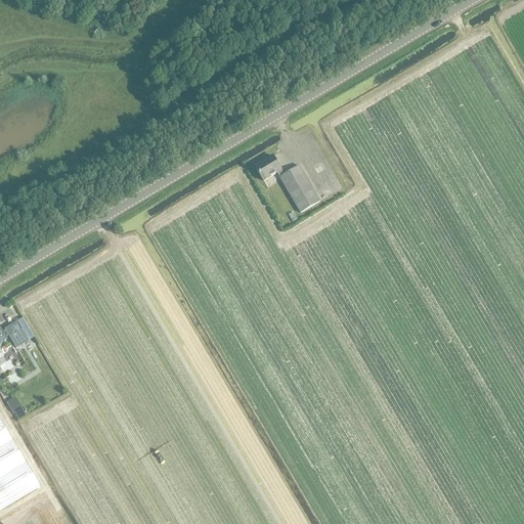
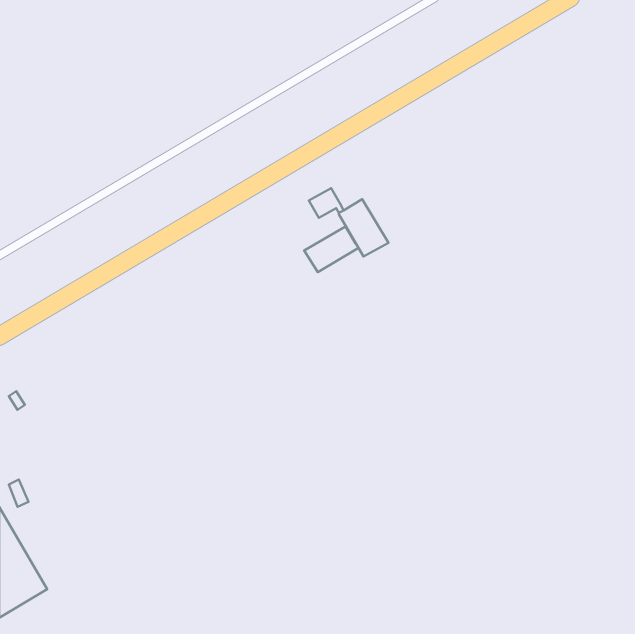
building: none -> [304,226,358,272]

